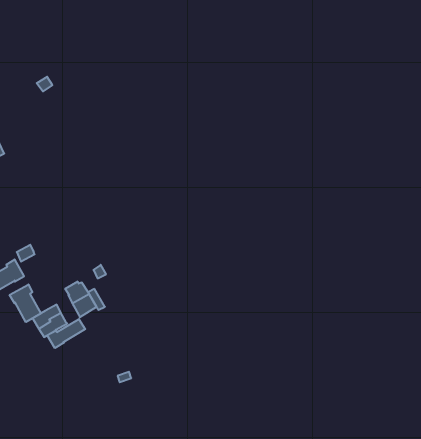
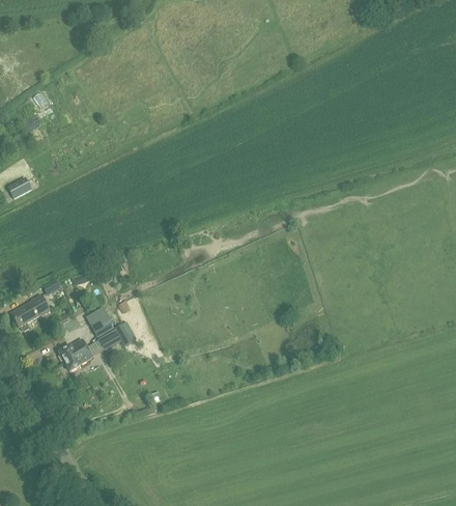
building: [10,284,41,322] -> none
building: [47,319,85,348] -> none

